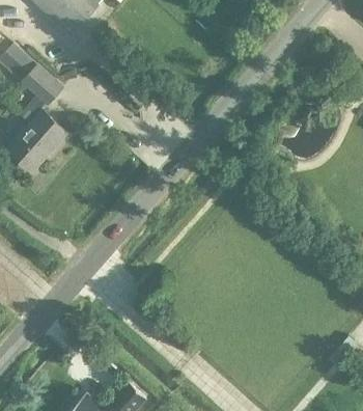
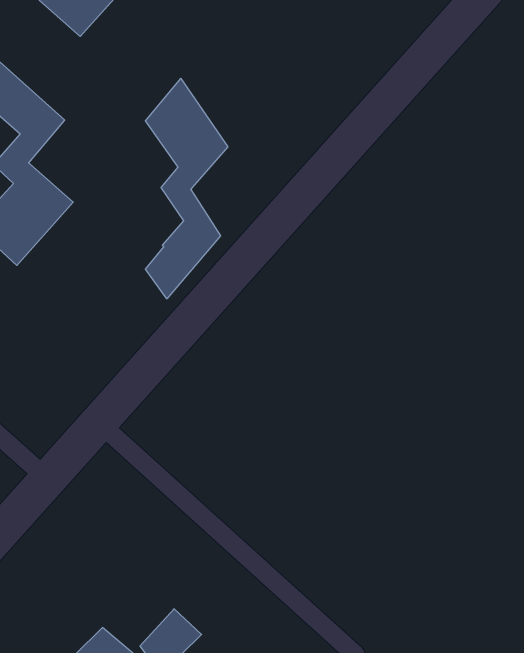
building: none -> [145,78,228,299]

